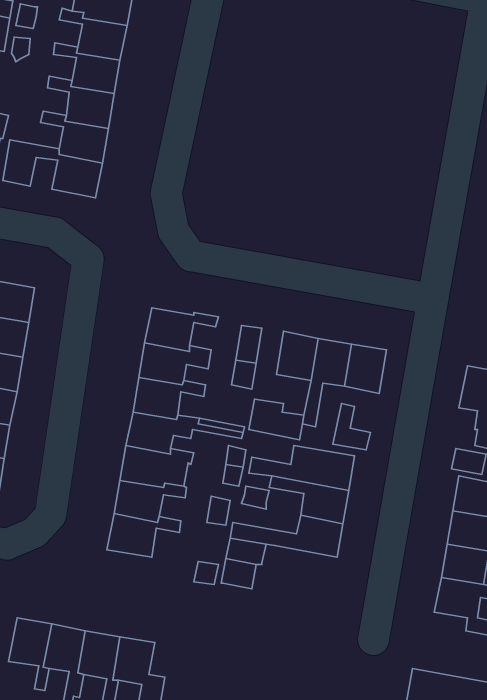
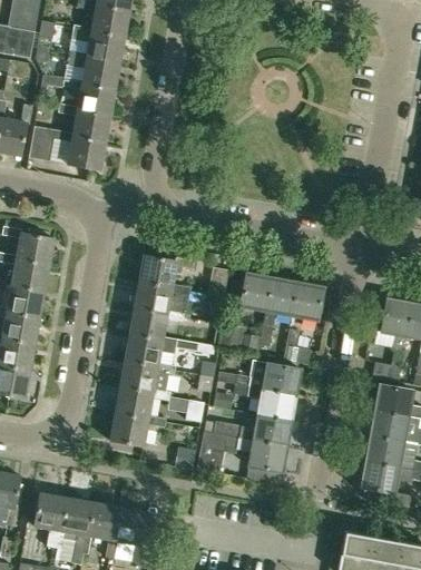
building: none -> [236,438,286,472]

